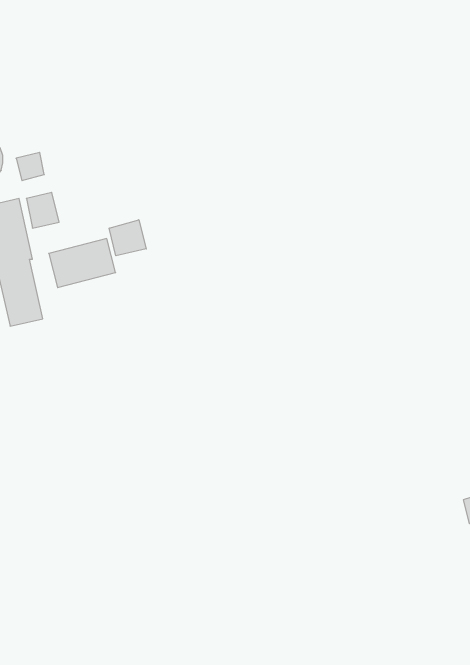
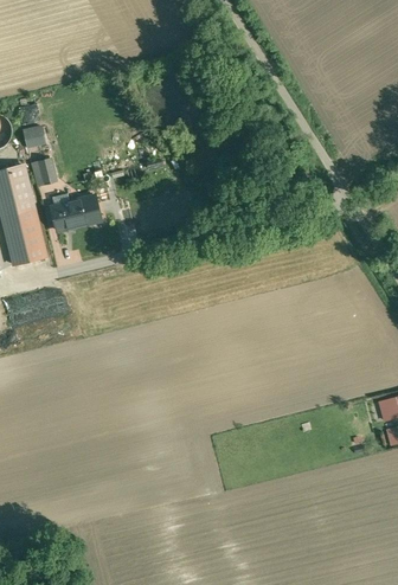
building: [109,220,146,256] -> none

